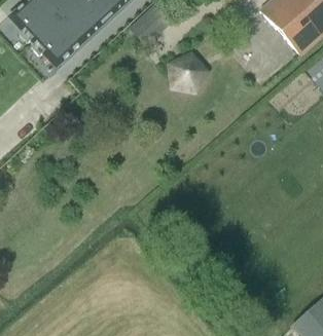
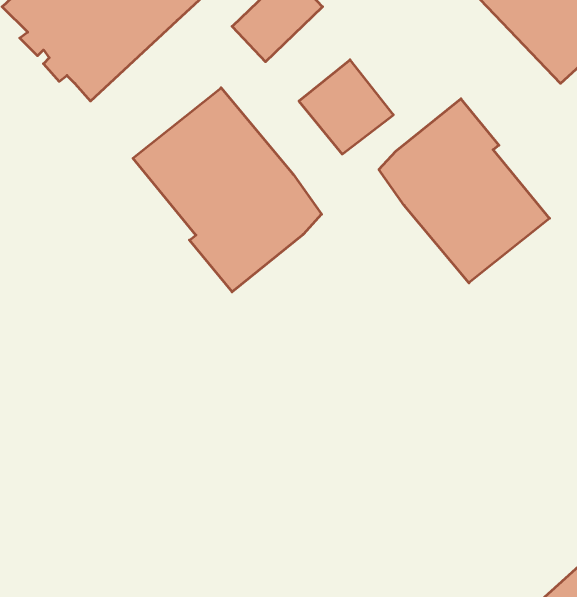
building: none -> [133,88,322,292]
building: none -> [379,99,550,283]

